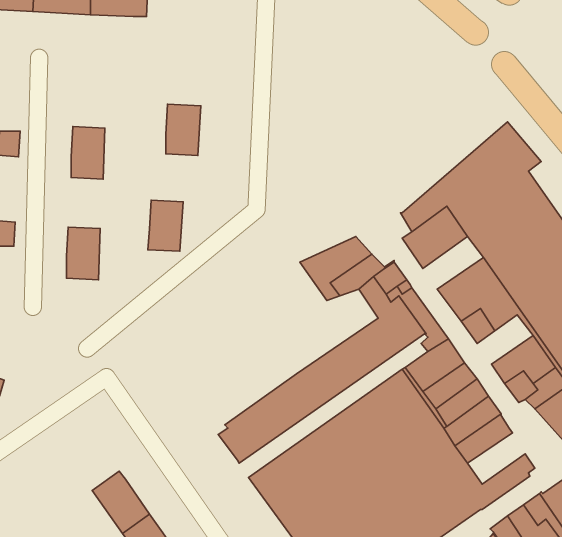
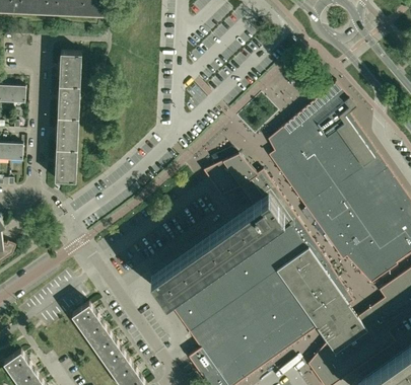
building: [166,104,201,155] -> [59,54,81,86]
building: [148,200,183,251] -> [56,118,78,150]
building: none -> [281,155,320,188]
building: none -> [316,205,351,236]
building: none -> [310,280,346,312]

